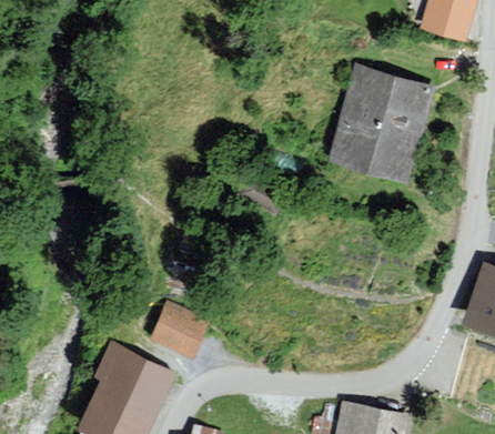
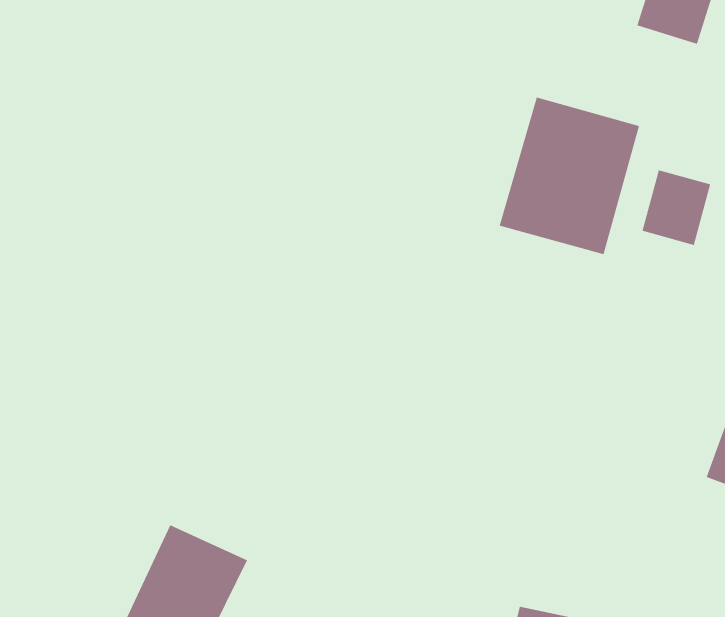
building: none -> [642,170,711,246]
building: [156,307,203,354] -> none

